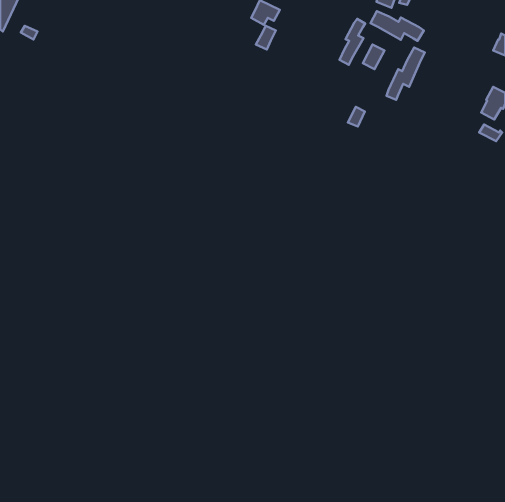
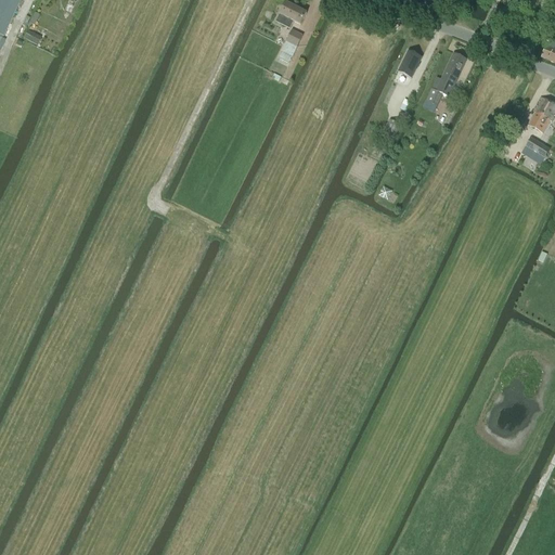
building: [370,11,424,41] -> none
building: [340,19,365,65] -> none

